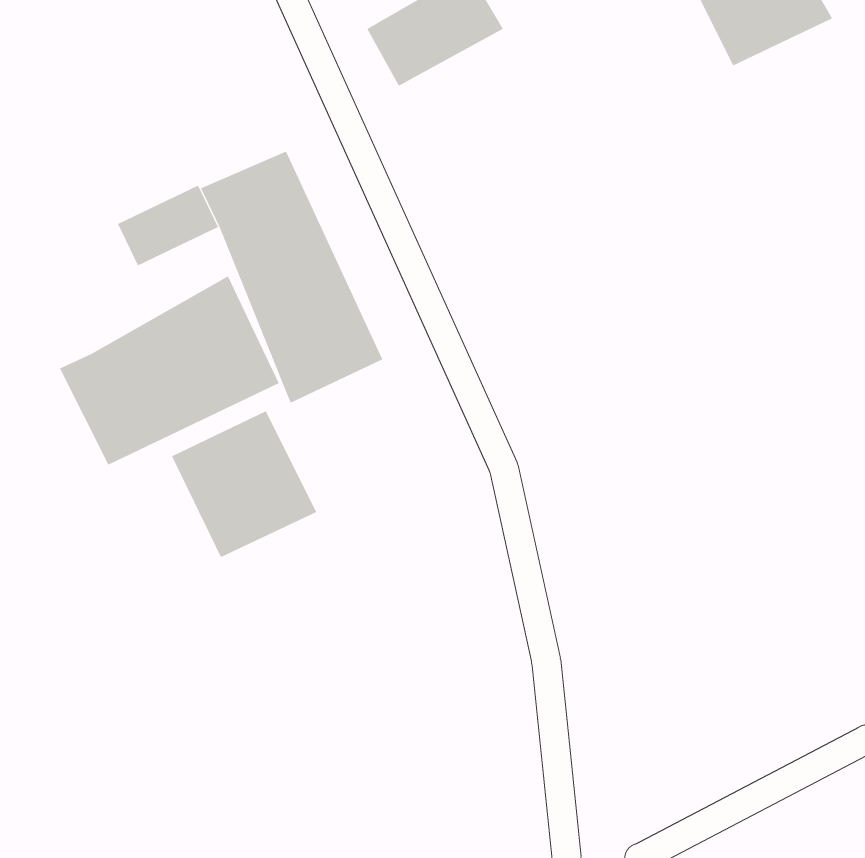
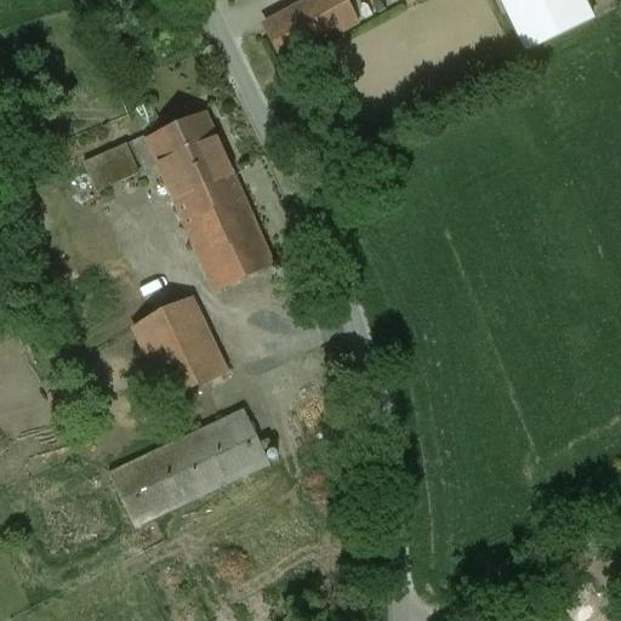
building: [59,275,279,466] -> none
building: none -> [109,405,268,524]

